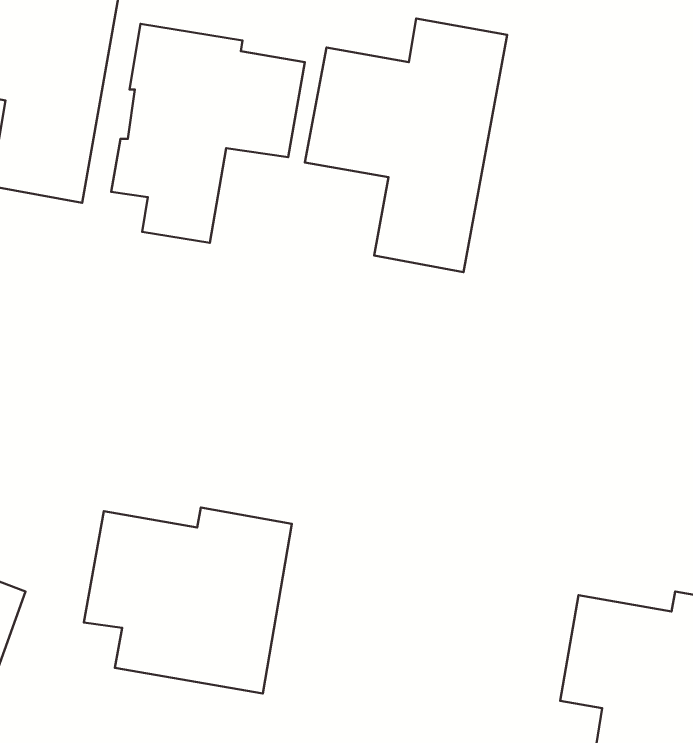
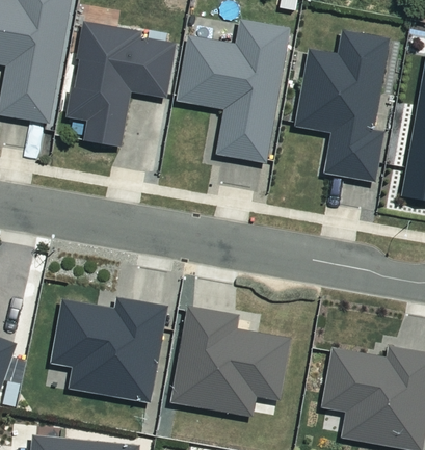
building: none -> [295,30,391,182]
building: none -> [170,306,290,416]

